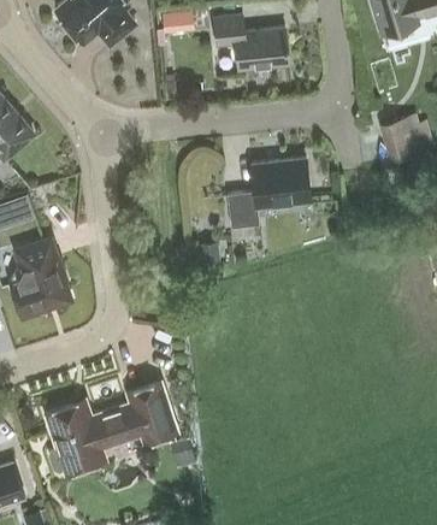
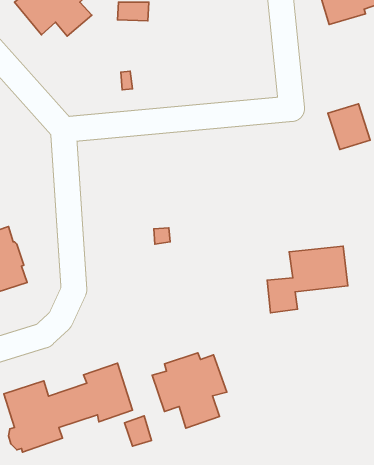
building: [213,14,289,70] -> none
building: [228,159,311,228] -> [267,246,348,313]
building: none -> [152,353,227,428]

